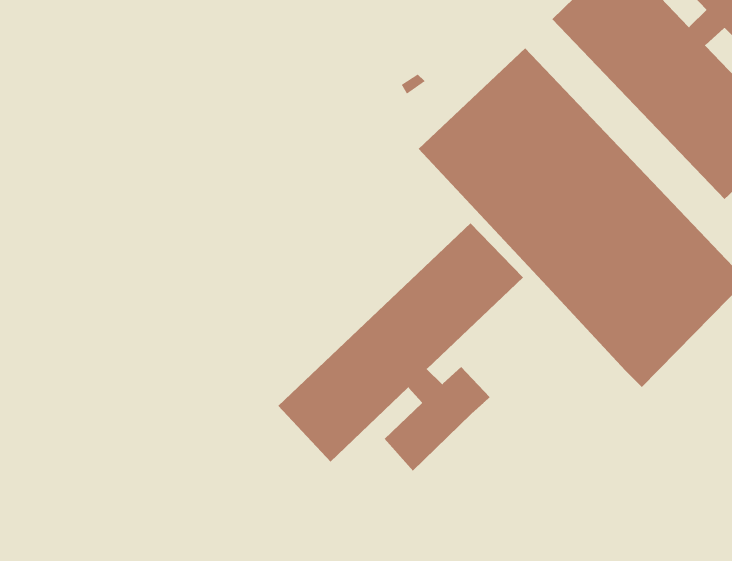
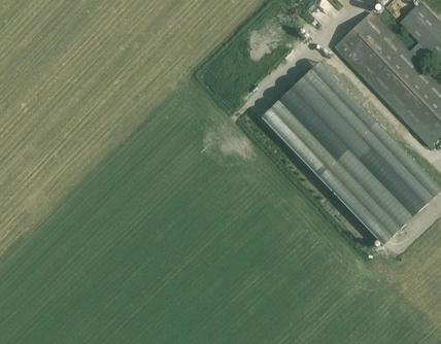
building: [278,222,524,471] -> none

